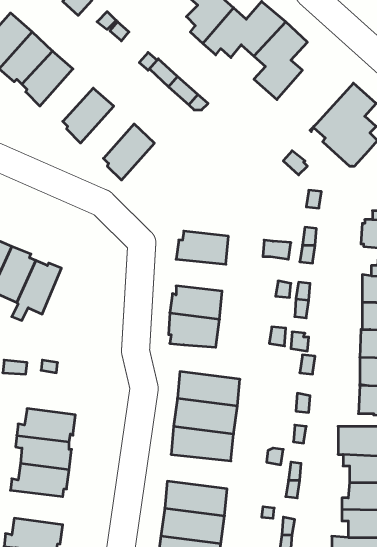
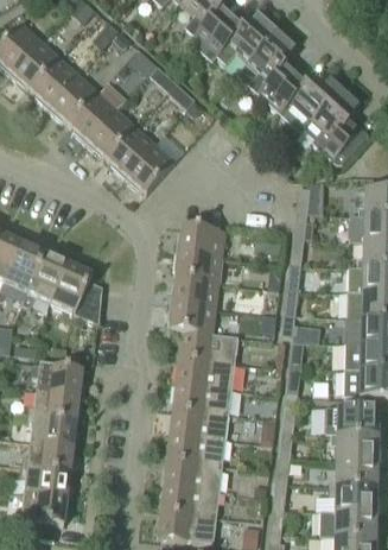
building: none -> [268,68,339,131]
building: none -> [47,74,97,122]
building: none -> [85,108,135,157]
building: none -> [123,143,174,192]
building: none -> [173,251,221,280]
building: none -> [50,259,101,323]
building: none -> [178,330,237,362]
building: none -> [31,362,83,396]
building: none -> [166,432,225,464]
building: none -> [19,466,71,498]

